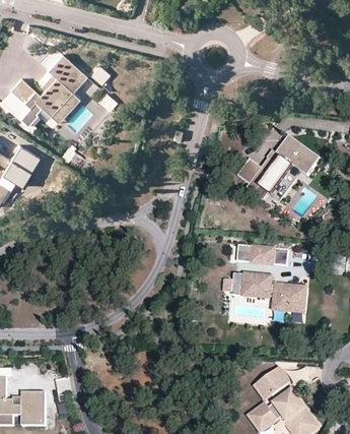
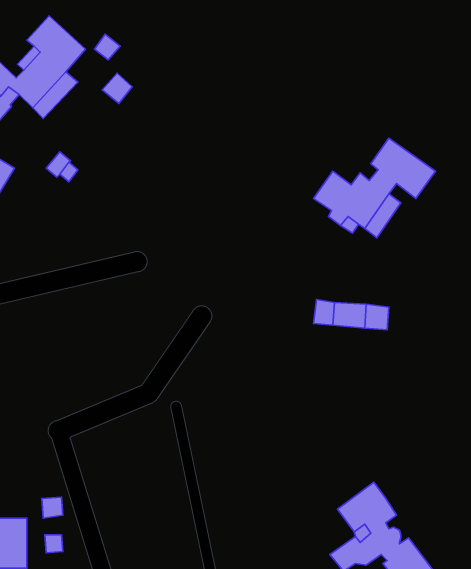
building: [225,272,307,313] -> none

